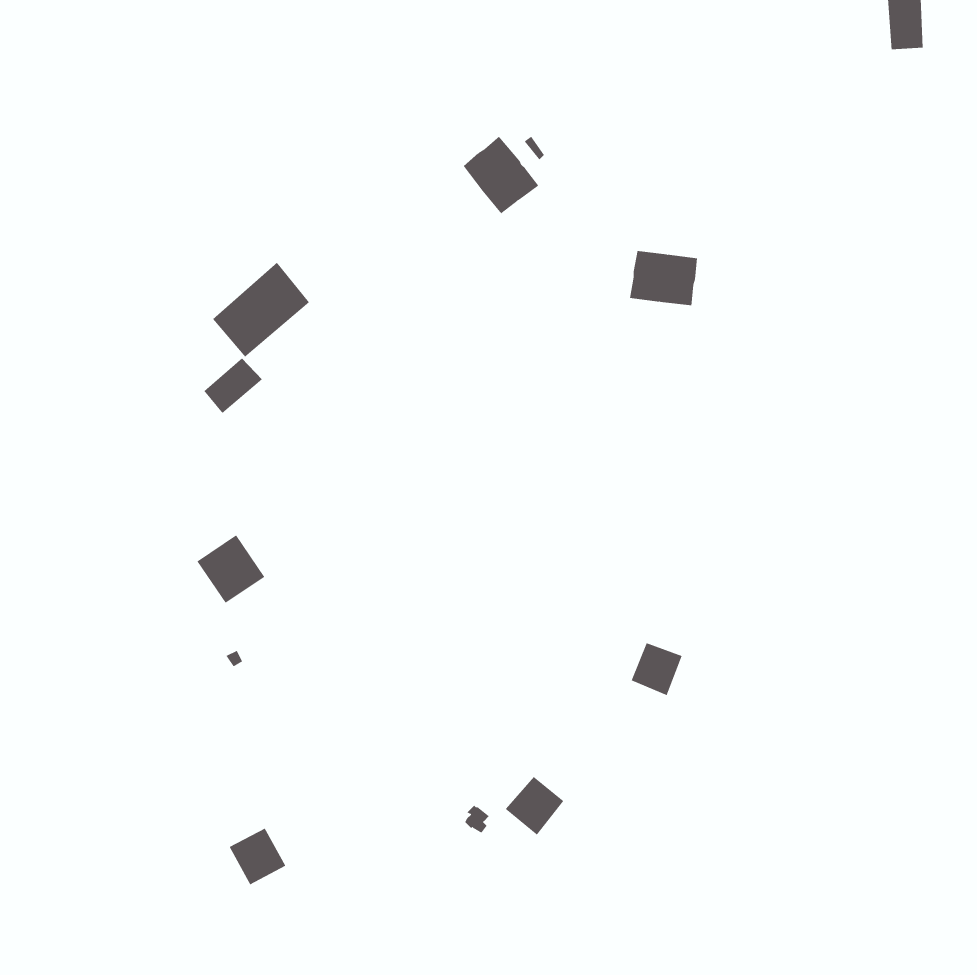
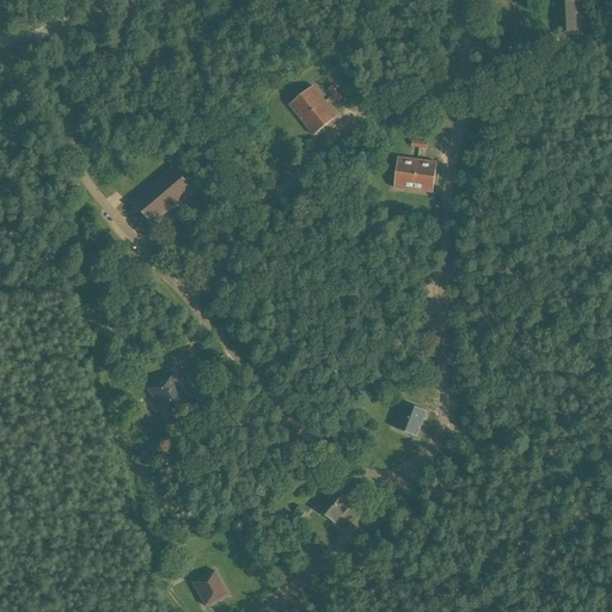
building: [203,357,263,414] -> none
building: [196,535,265,603] -> [148,371,191,414]
building: [229,828,286,885] -> [191,569,227,605]

